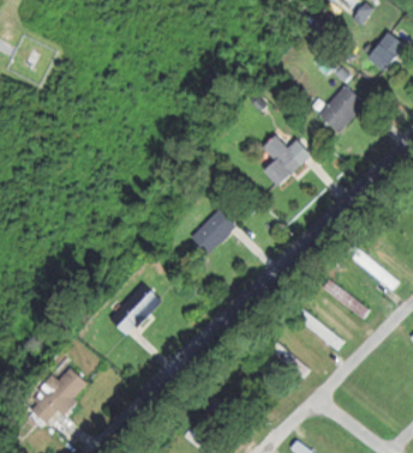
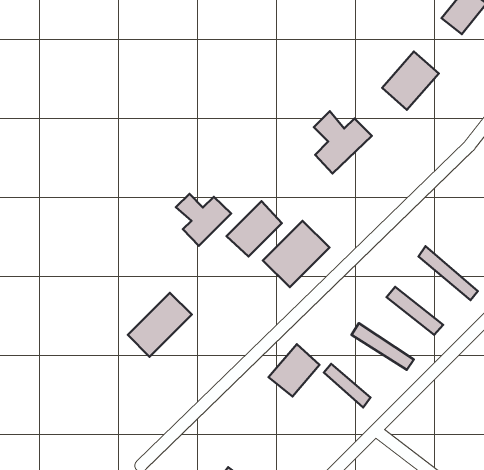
building: none -> [176,194,231,246]
building: none -> [263,221,329,287]
building: none -> [269,344,320,396]
building: [25,369,89,425] -> none

